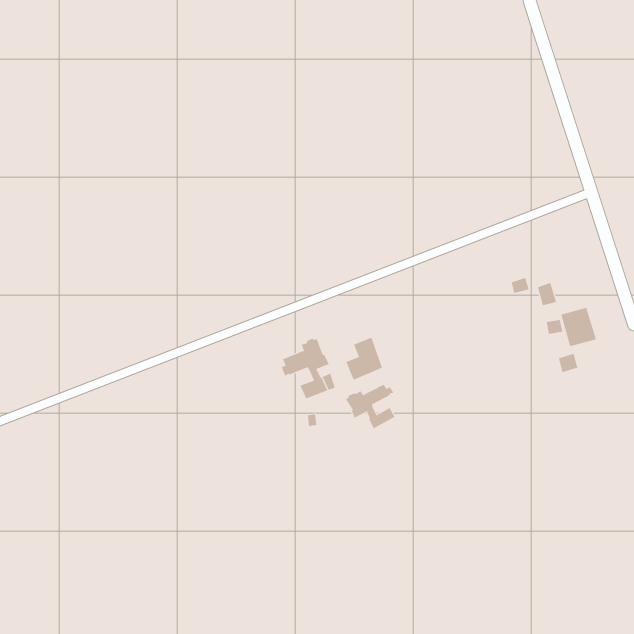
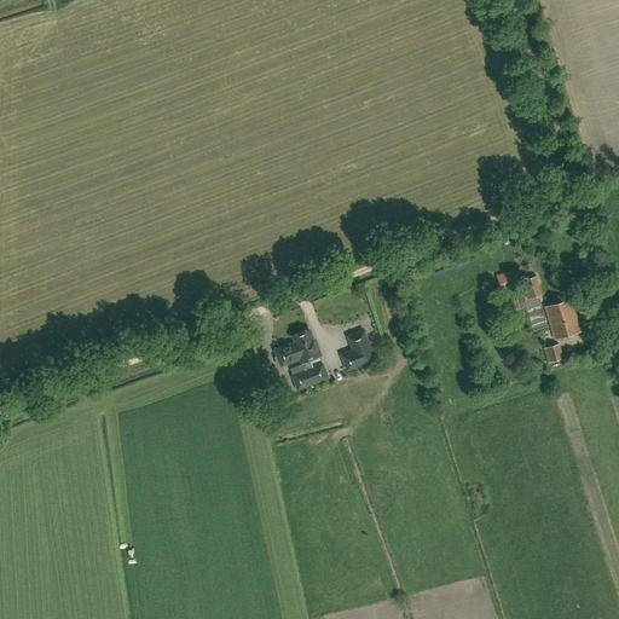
building: [345,384,395,429] -> none

